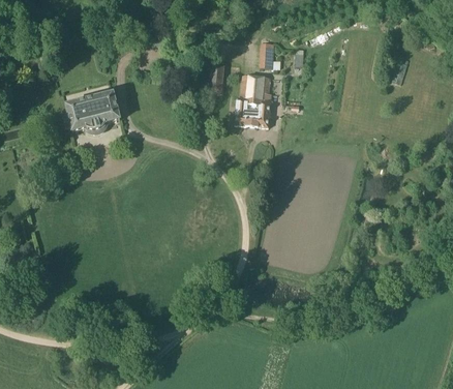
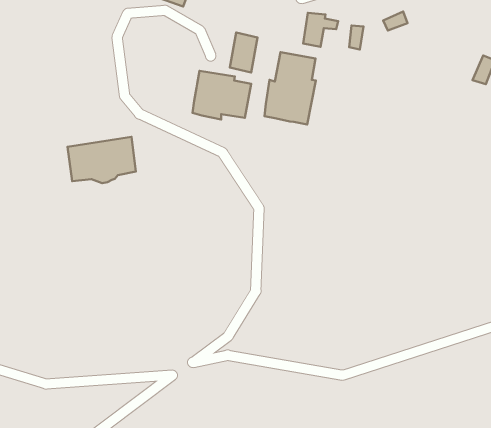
building: [66,93,120,131] -> [68,137,136,183]
building: none -> [192,71,251,120]

